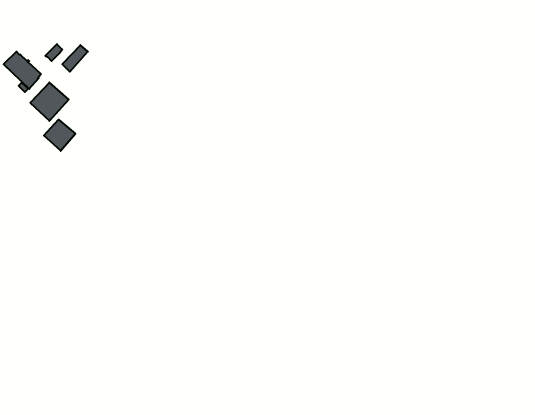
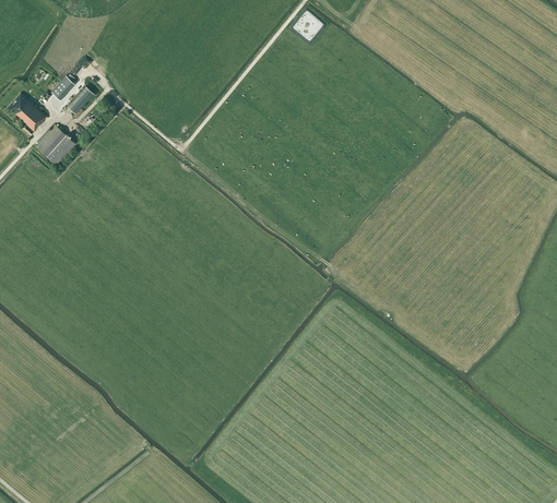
building: [44,120,75,151] -> none

